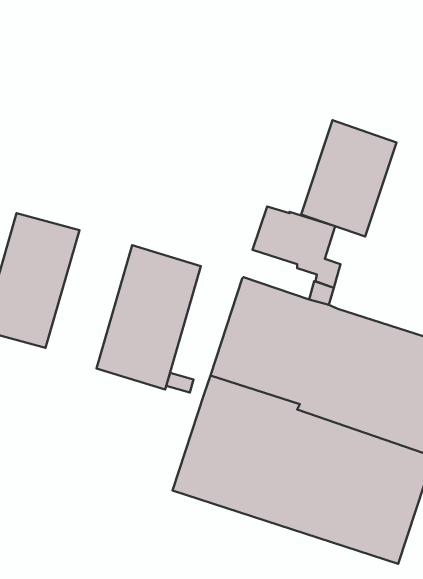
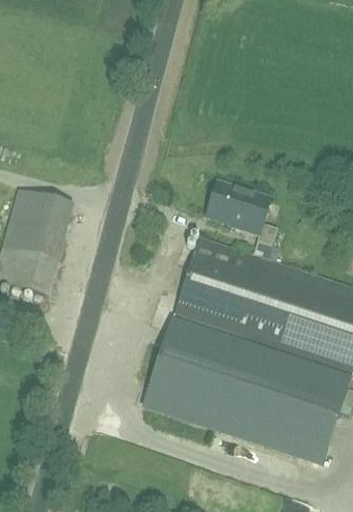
building: [301,120,396,237] -> none
building: [97,245,201,389] -> none

